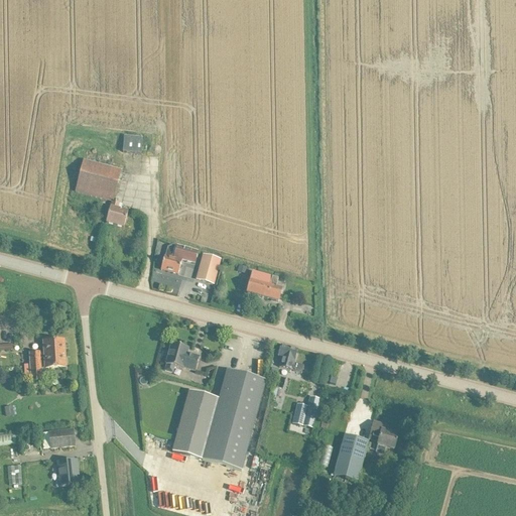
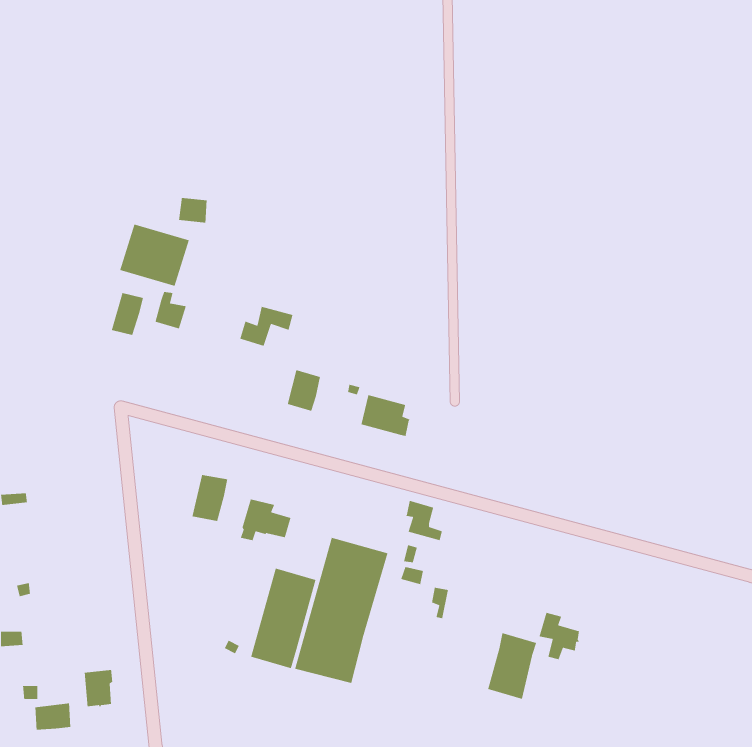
building: none -> [111,292,144,336]
building: [160,244,198,272] -> [239,306,294,347]
building: none -> [191,474,228,522]
building: [24,336,66,380] -> none
building: [49,427,75,446] -> [34,703,71,730]

